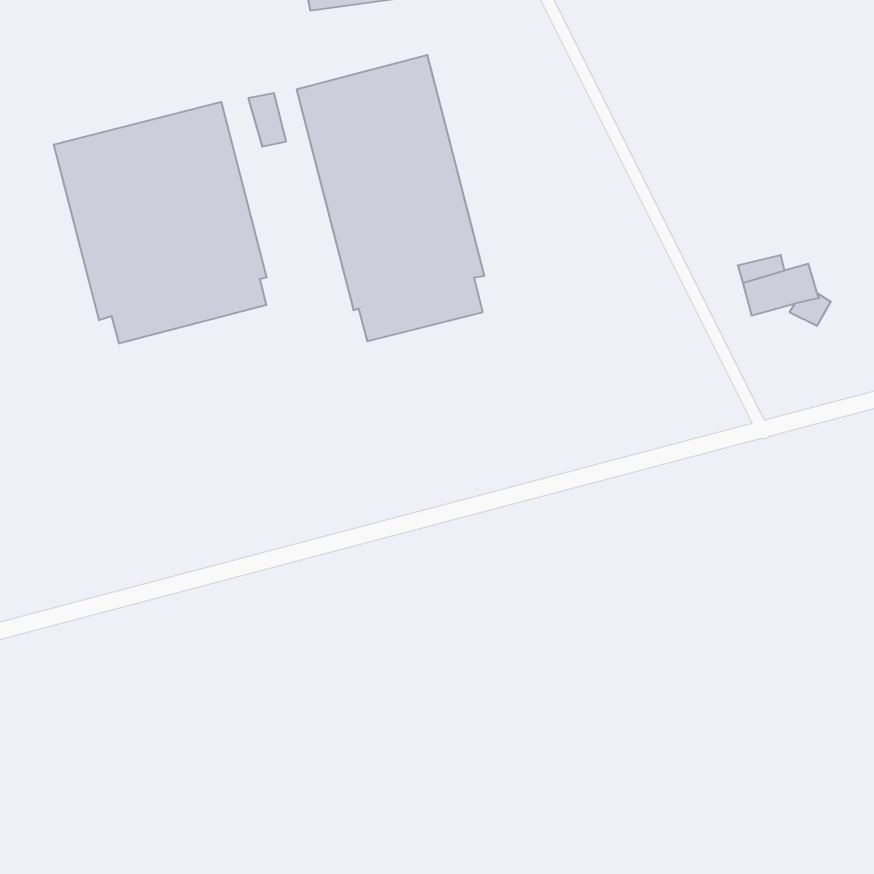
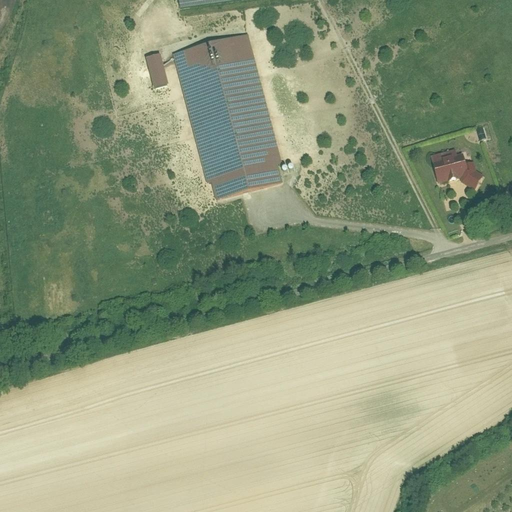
building: [54,102,267,344] -> none

